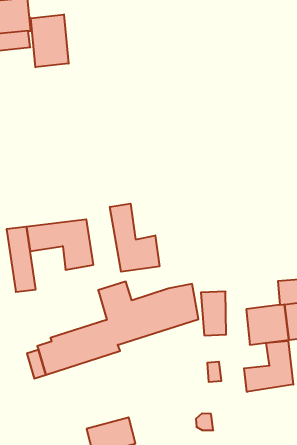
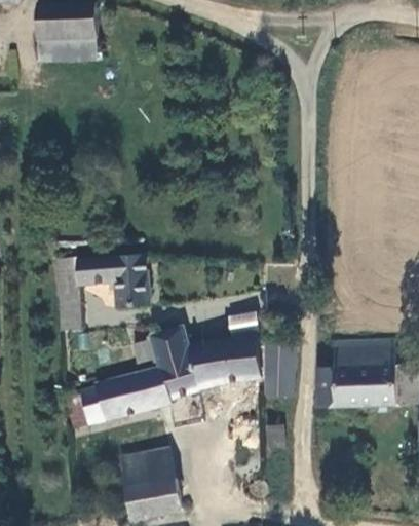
building: [31,14,69,67] -> none
building: [110,204,159,272] -> none
building: [244,341,293,392] -> none
building: none -> [119,450,174,489]

